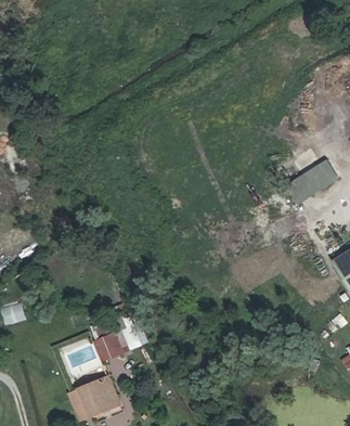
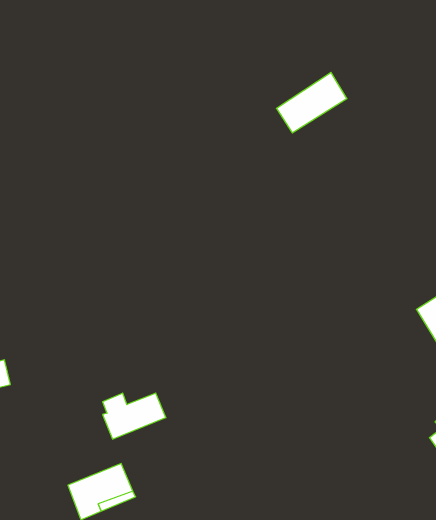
building: [285,159,338,205] -> [276,72,347,133]

